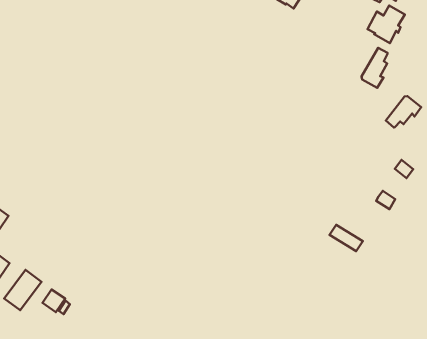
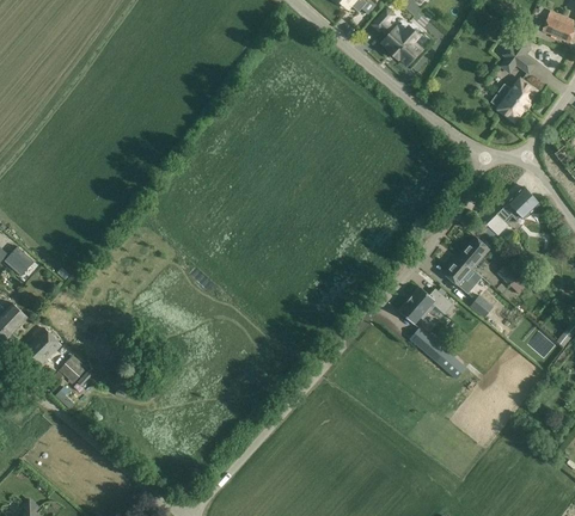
building: [362,48,388,88] -> none
building: none -> [444,235,489,293]
building: none -> [398,287,453,324]

